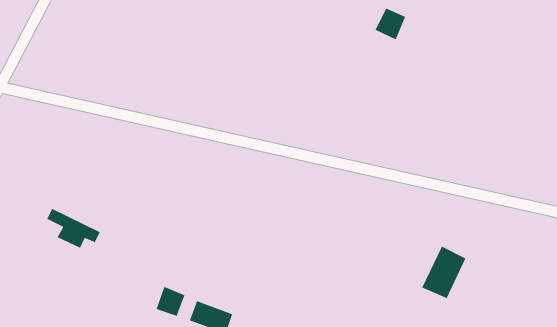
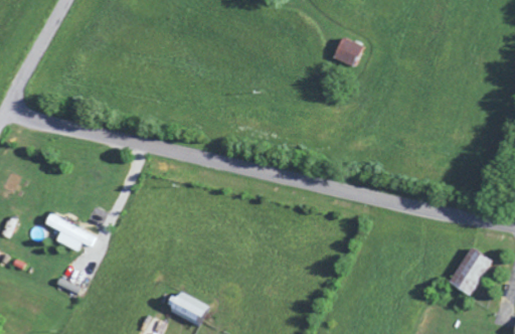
building: [421,246,467,299] -> [444,246,484,294]
building: [155,286,186,317] -> none

